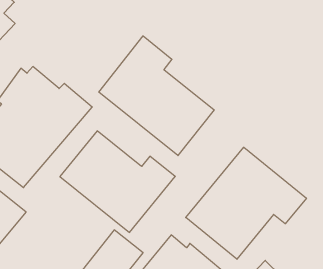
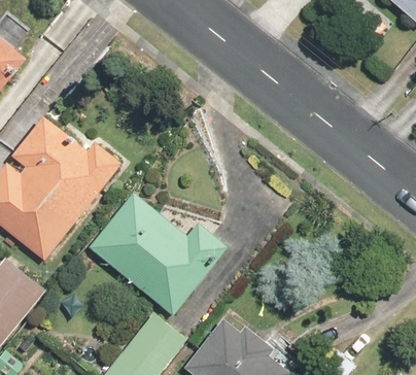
building: [99,36,214,156] -> none
building: [186,147,306,259] -> none

